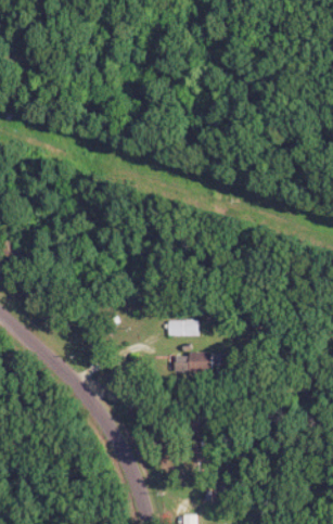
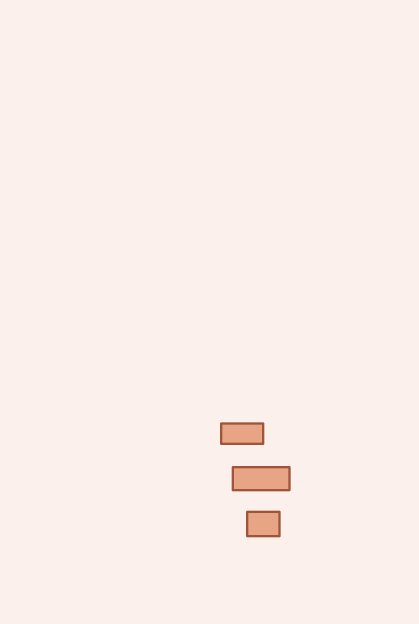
building: none -> [247,512,279,536]

